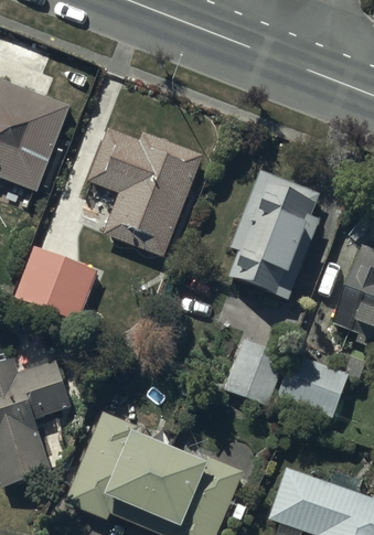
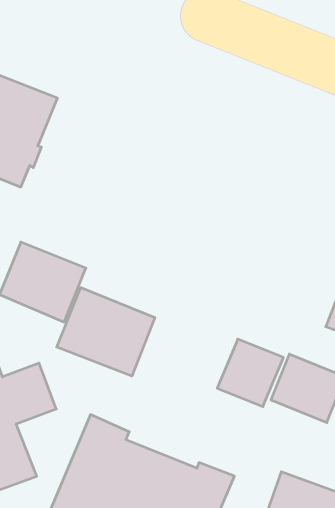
building: [89,128,202,256] -> none
building: [227,172,320,300] -> none
building: none -> [57,288,155,376]

